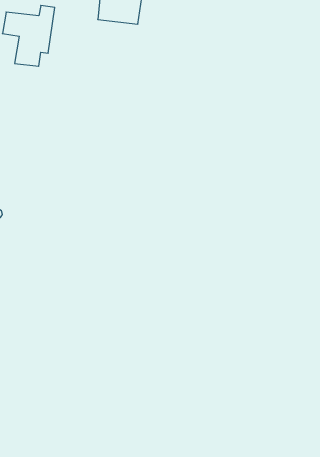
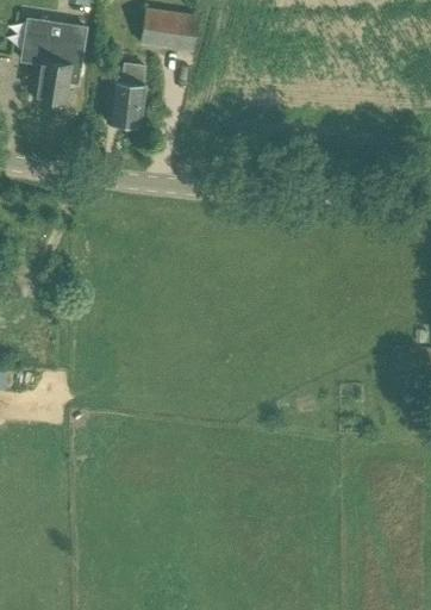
building: none -> [110,63,145,129]

